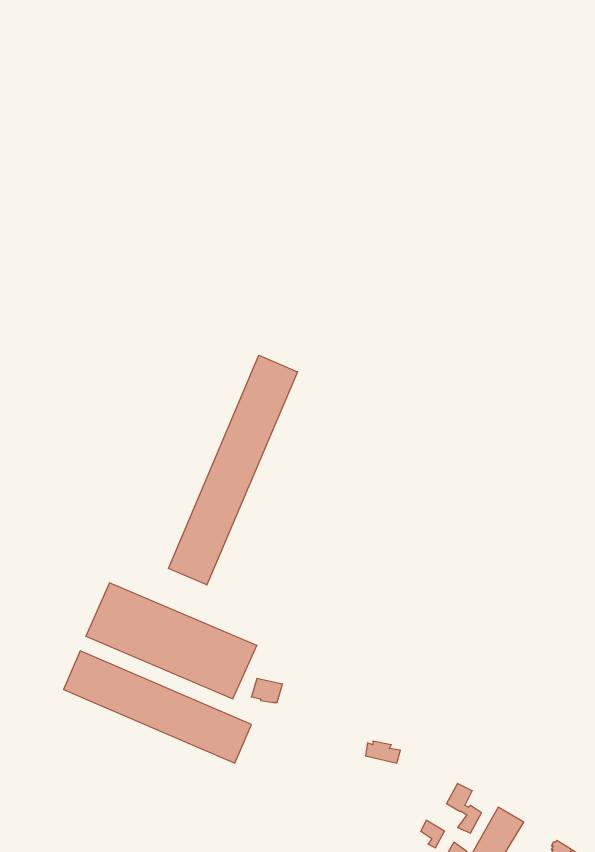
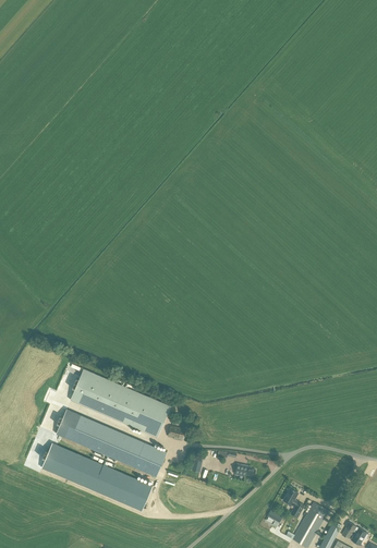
building: [168,355,298,585] -> none
building: none -> [40,442,151,510]

